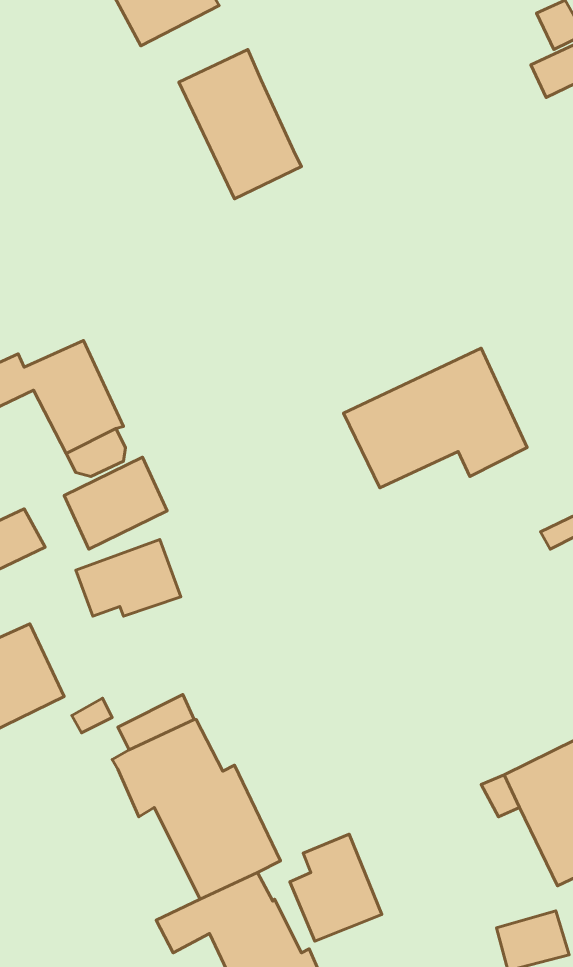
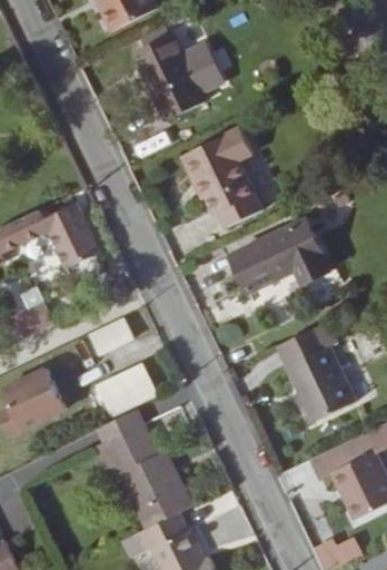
building: none -> [181,40,226,95]
building: none -> [181,128,265,227]
building: [64,457,167,549] -> [97,363,157,416]
building: none -> [277,323,356,422]

